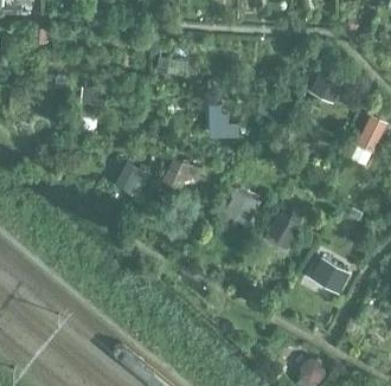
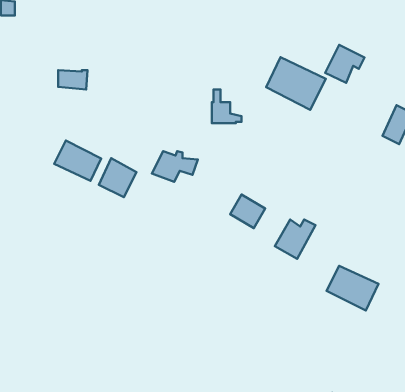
building: none -> [266,57,326,110]
building: none -> [54,140,101,181]

